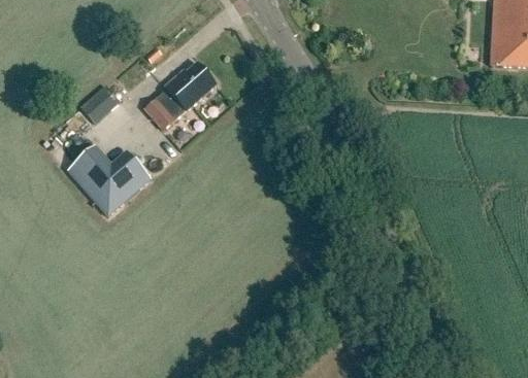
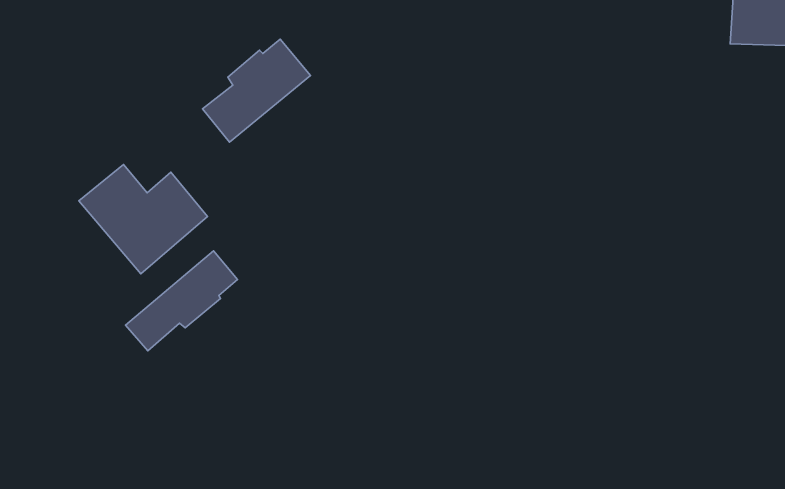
building: [80,84,121,124] -> none
building: none -> [125,251,238,351]

